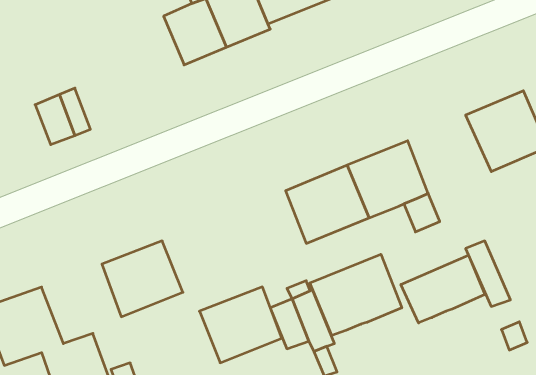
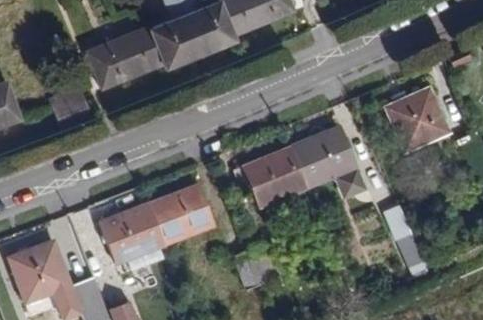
building: none -> [86,27,163,89]
building: [310,254,402,336] -> none
building: [401,255,485,323] -> none
building: [199,287,282,363] -> [148,186,212,245]

